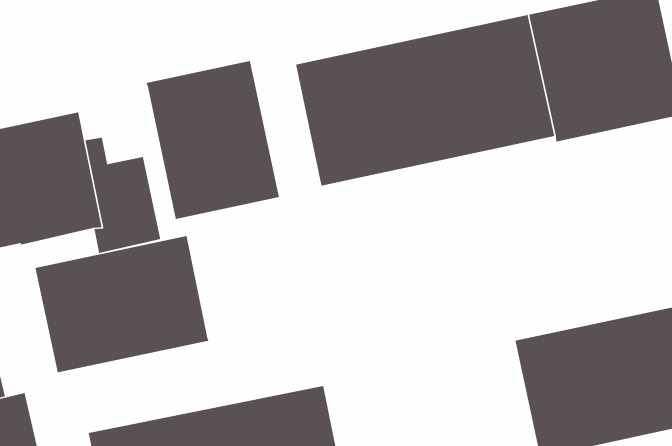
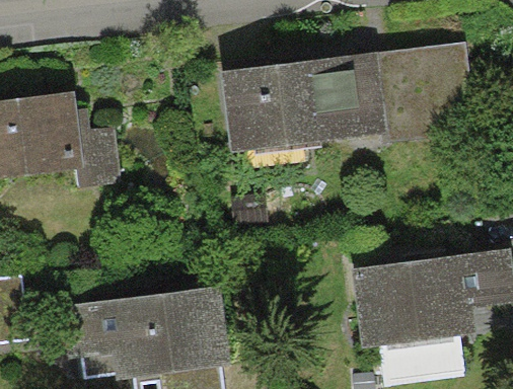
building: [146,60,280,220] -> none
building: [35,235,210,373] -> none

